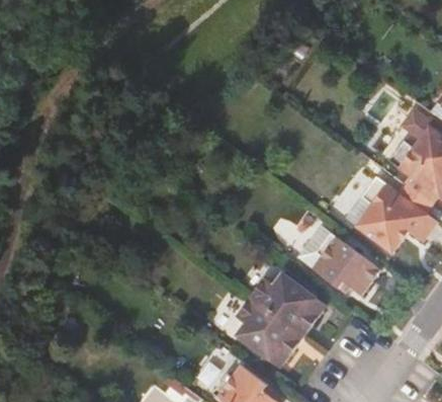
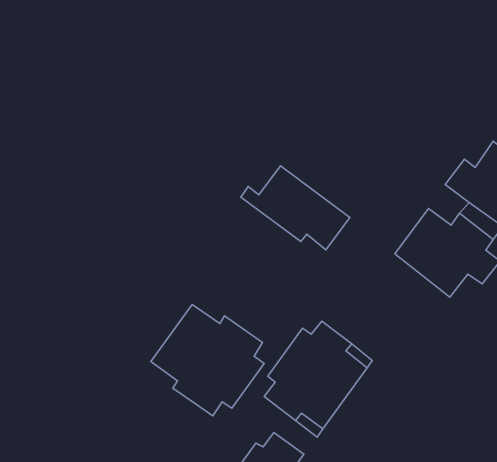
building: [288,226,380,297] -> [241,166,350,250]
building: none -> [151,304,264,416]

